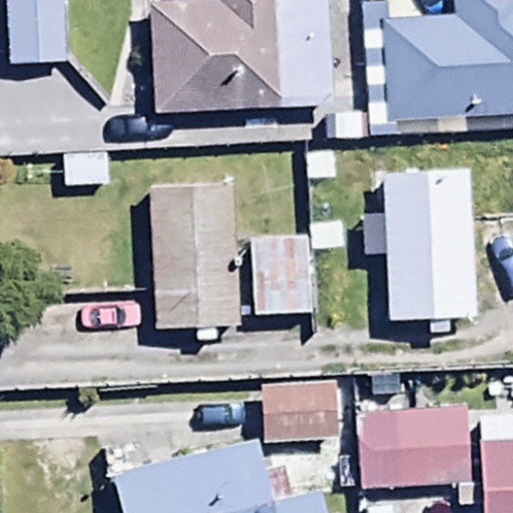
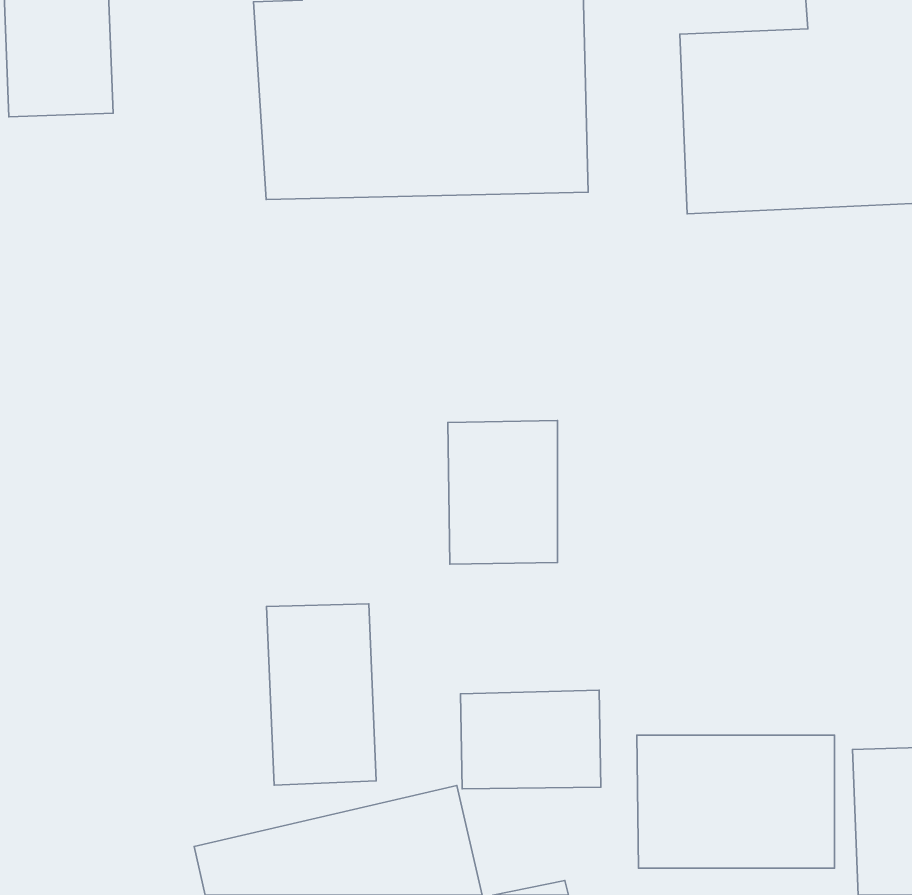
building: [363,169,490,320] -> none
building: [149,184,241,331] -> none
building: none -> [267,604,376,785]

